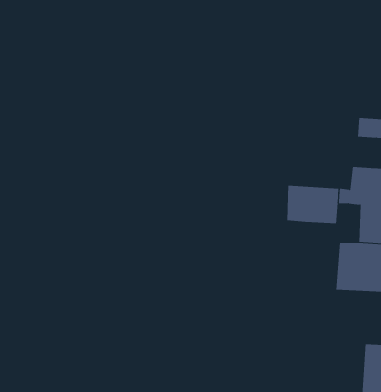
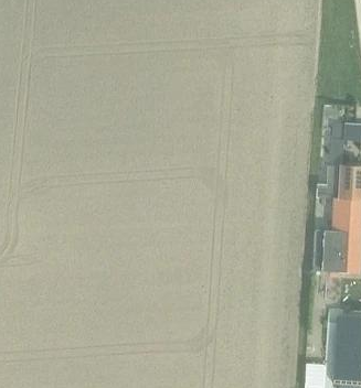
building: [287,185,339,224] -> none

